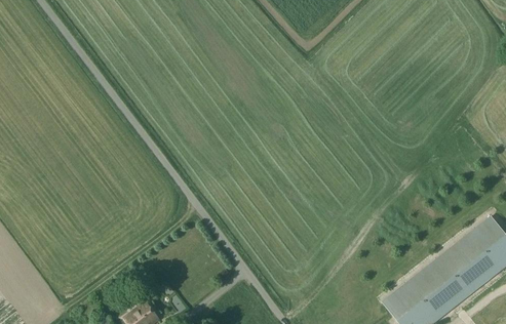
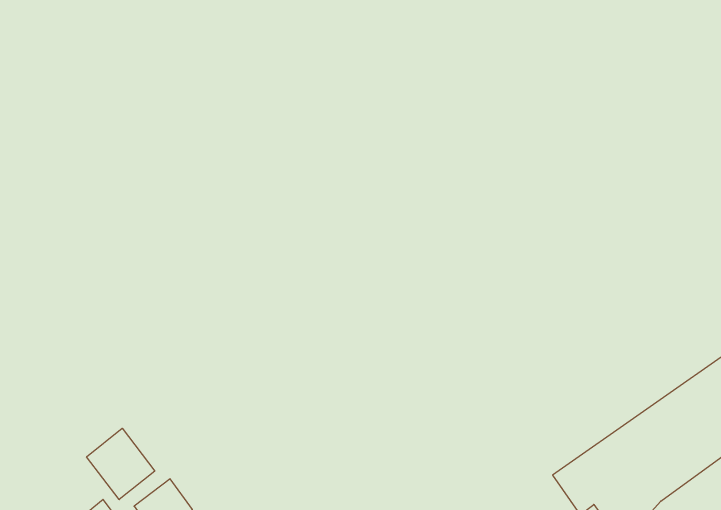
building: none -> [87,428,155,500]

